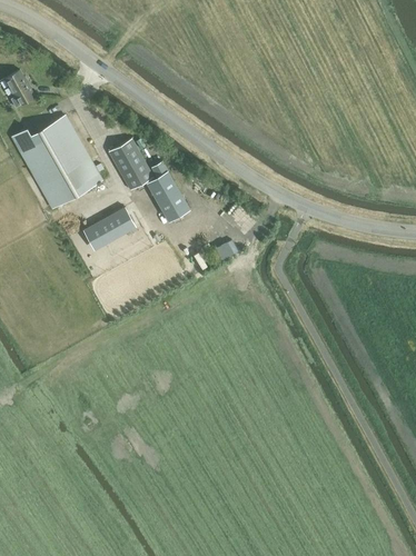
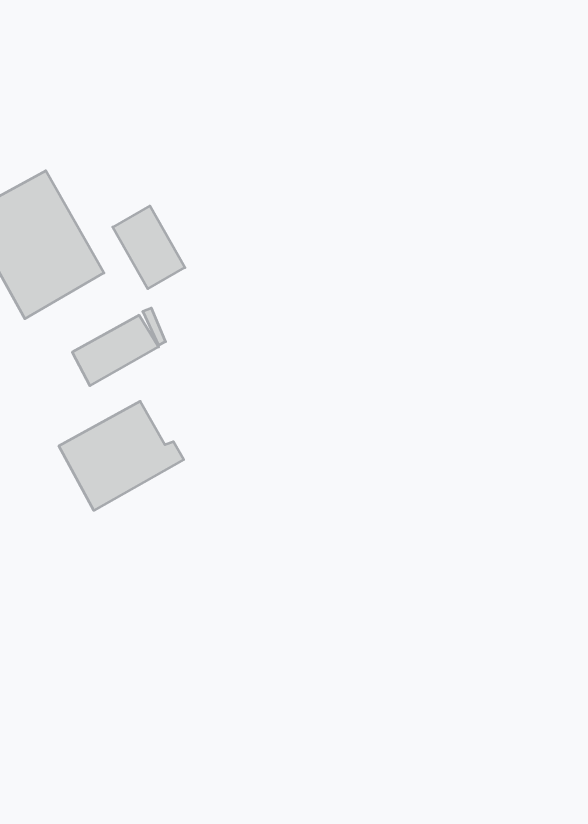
building: [146,162,191,224] -> none
building: none -> [59,401,184,510]

